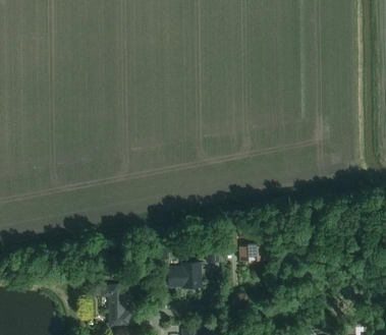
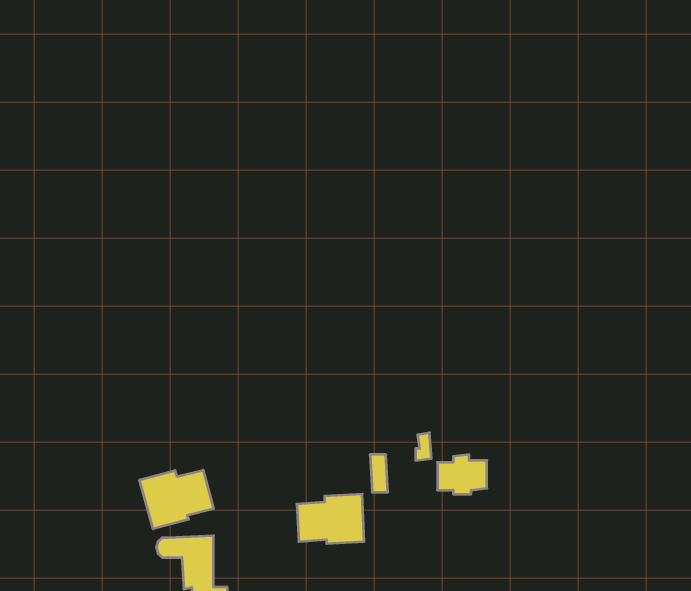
building: none -> [140,470,213,529]

